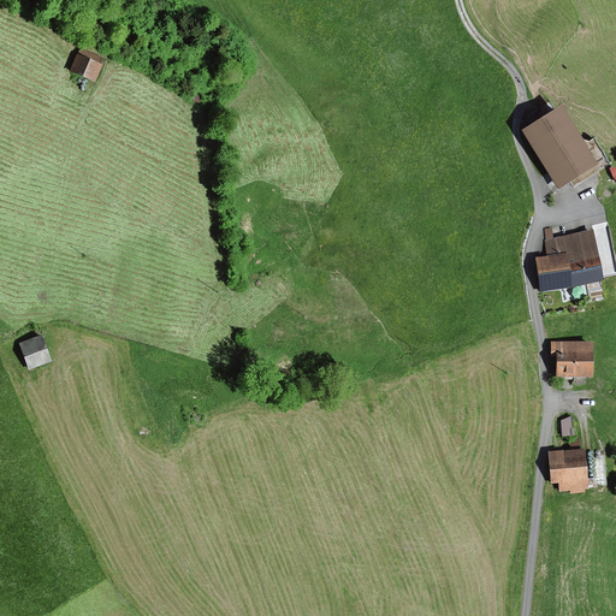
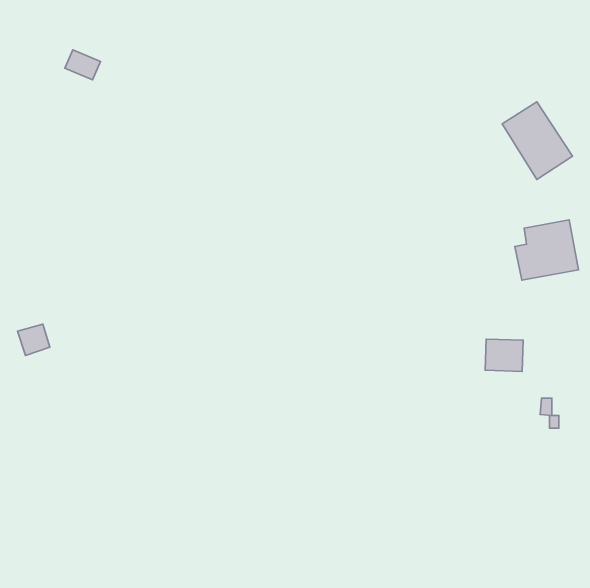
building: [553,340,593,374] -> [485,339,523,371]
building: [551,449,587,490] -> none

